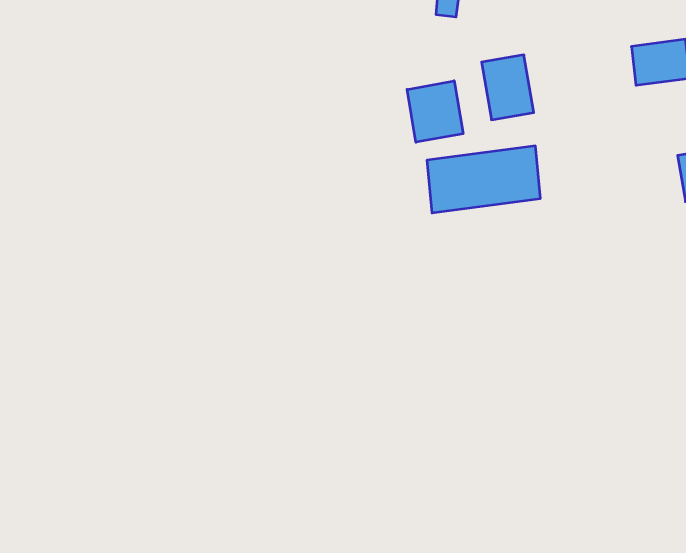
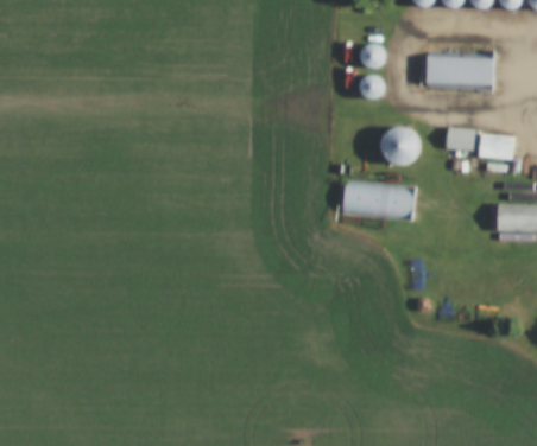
building: none -> [447,128,475,151]
building: [407,81,463,142] -> none

